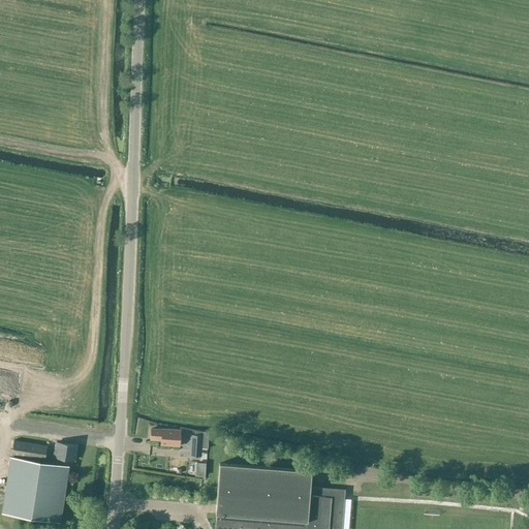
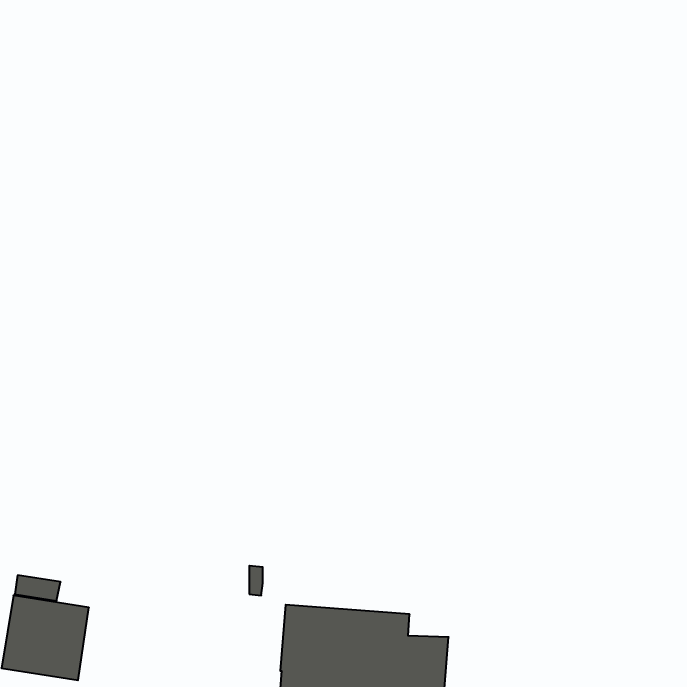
building: [151,430,181,447] -> none
building: [54,443,77,466] -> none

